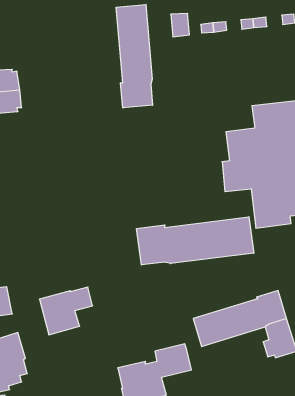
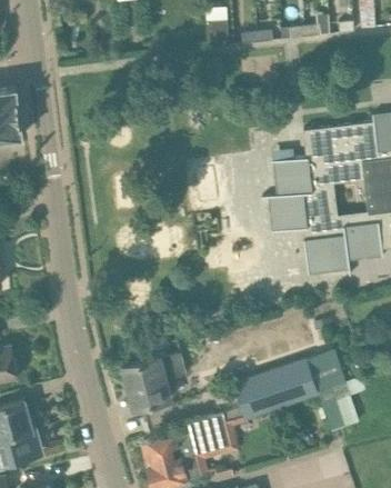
building: [116,4,153,108] -> none
building: [137,217,254,265] -> none
building: [39,287,93,335] -> [123,352,187,409]

